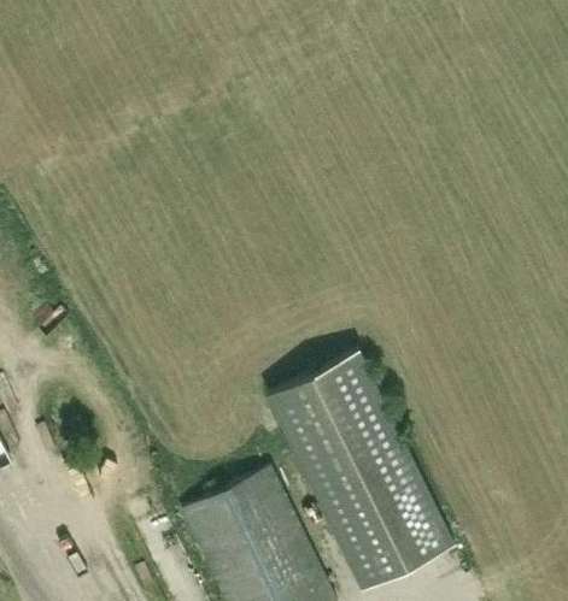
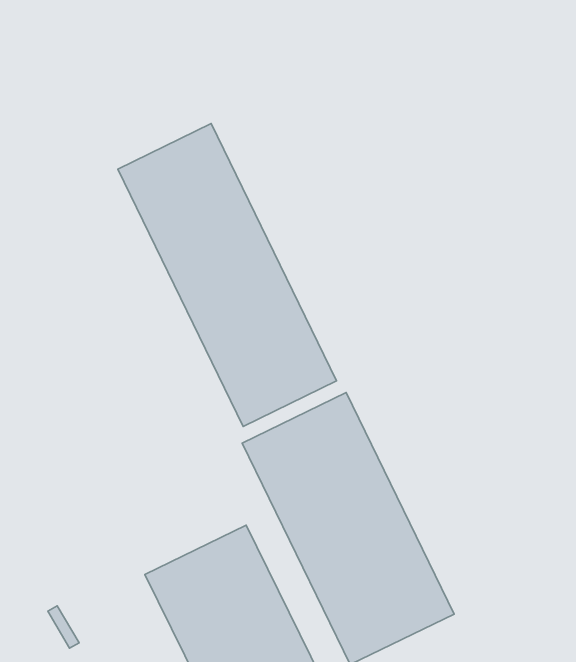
building: none -> [118,124,337,426]

